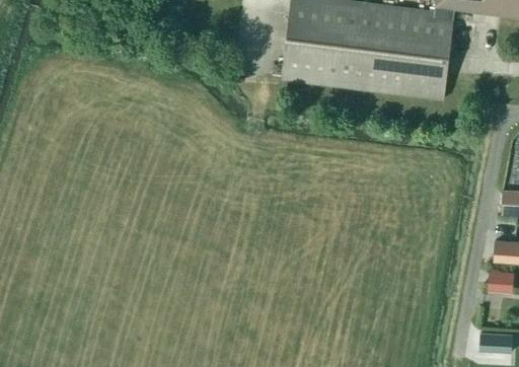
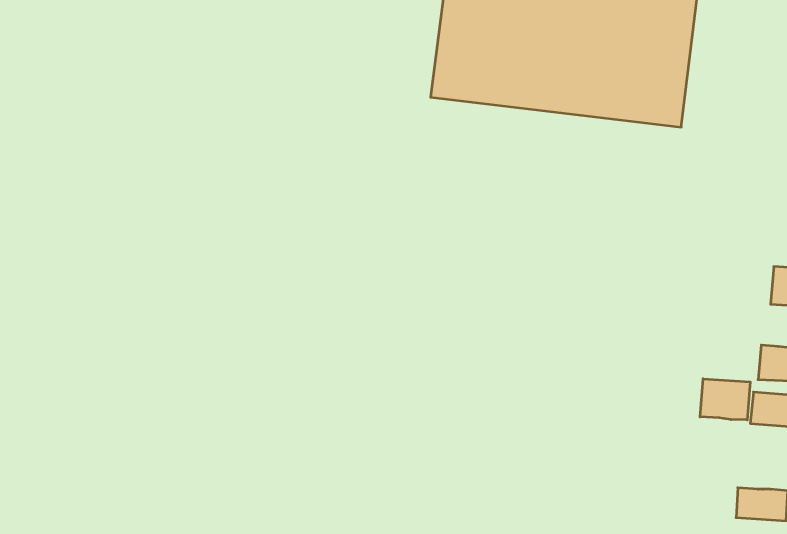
building: none -> [700,379,750,420]

